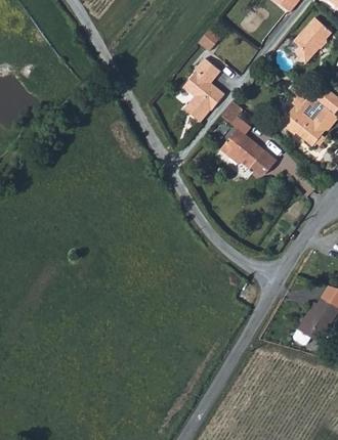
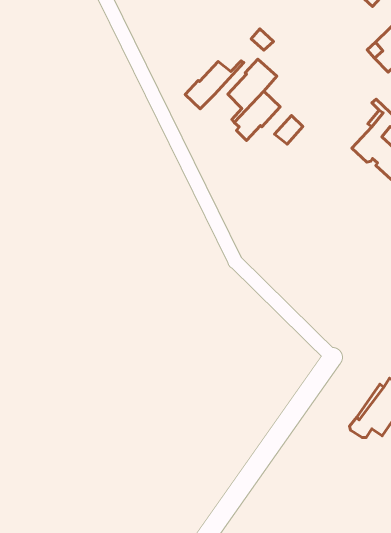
building: none -> [185,61,244,109]
building: [221,127,278,173] -> none

